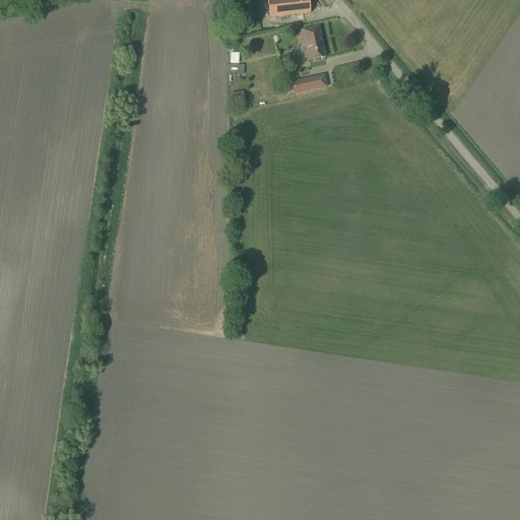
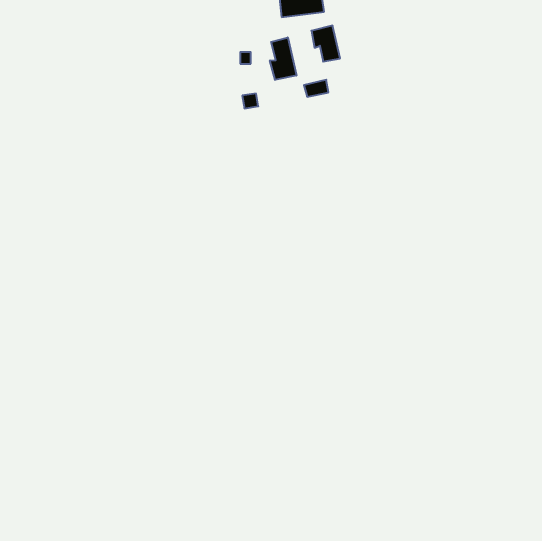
building: none -> [270,37,296,80]

